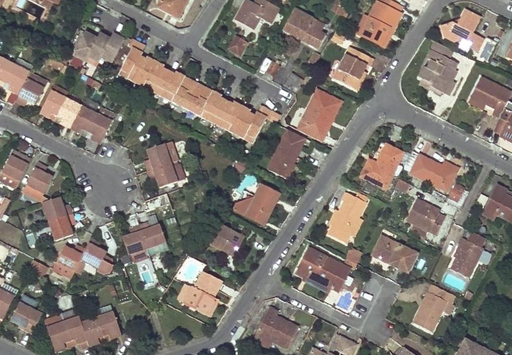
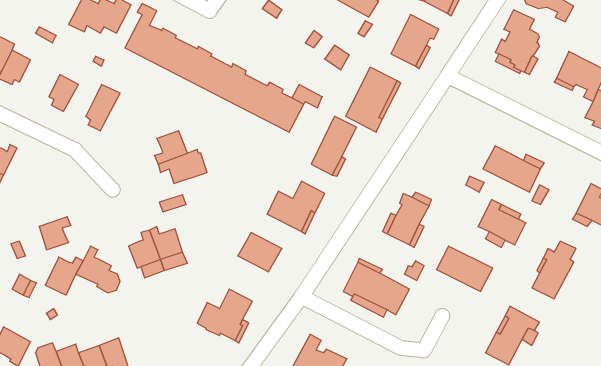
building: [38,81,68,115] -> none
building: [68,103,95,130] -> none
building: [361,144,404,188] -> none
building: [26,159,52,190] -> none
building: [41,194,71,219] -> none

